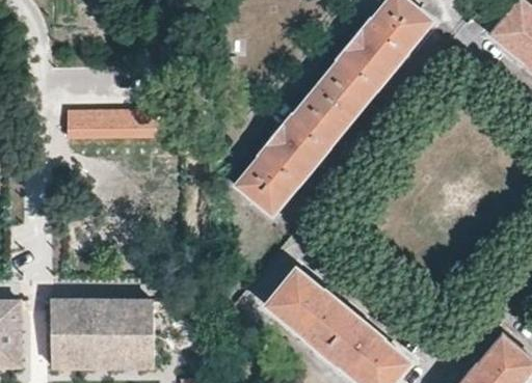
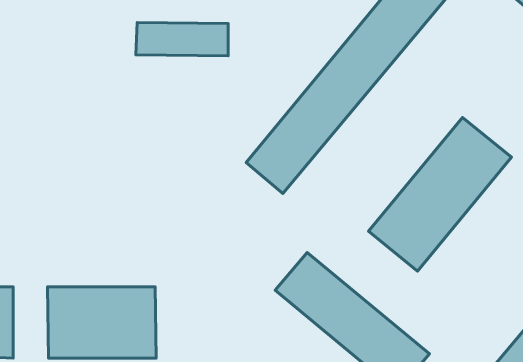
building: [63,108,150,139] -> [136,23,228,56]
building: none -> [369,118,512,271]

